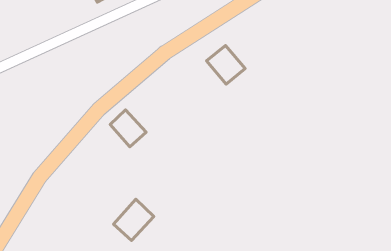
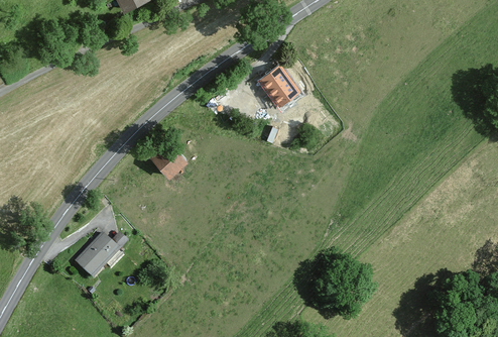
building: [114,199,154,241] -> [71,234,118,283]

